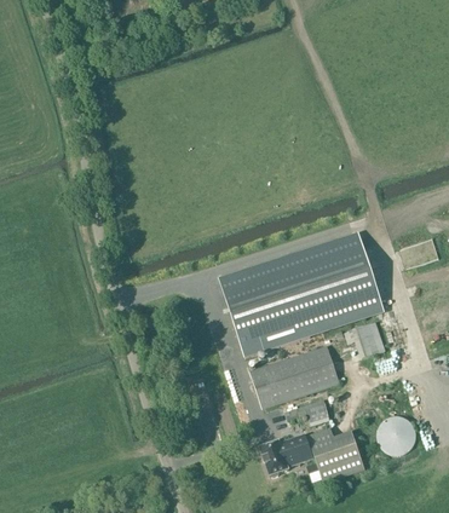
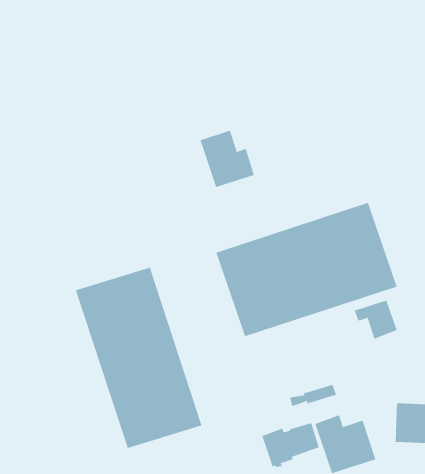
building: none -> [200,130,255,188]
building: none -> [75,267,202,449]
building: [251,346,340,408] -> none

